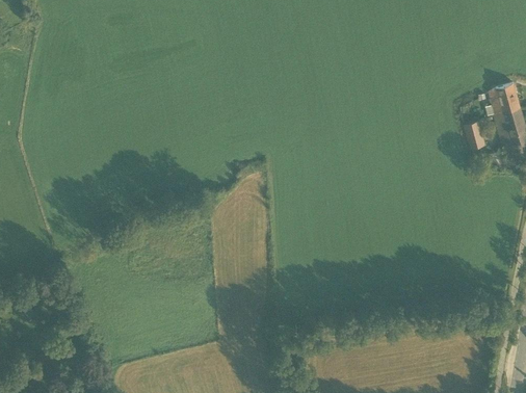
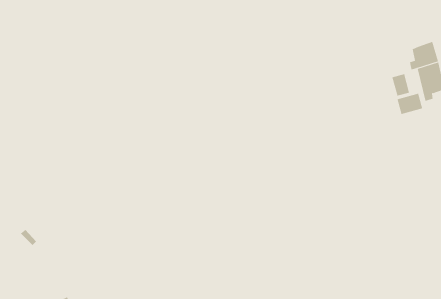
building: none -> [397,93,423,115]

